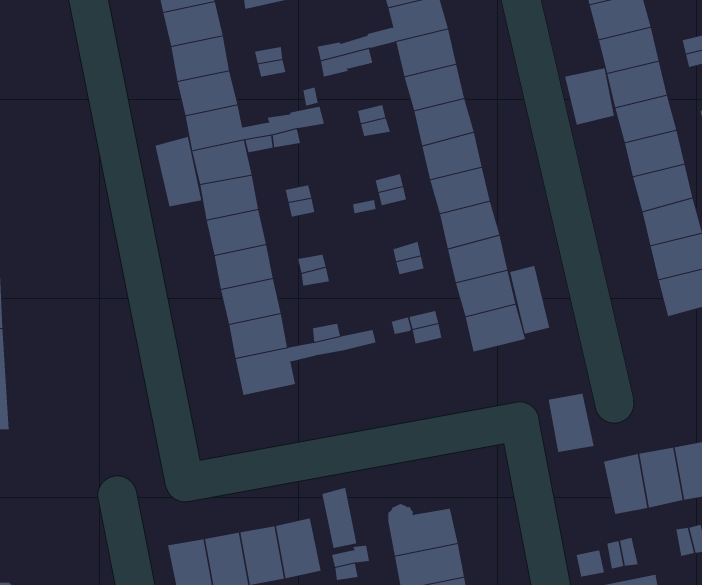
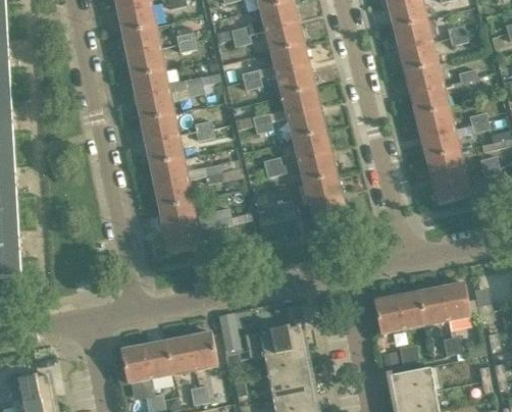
building: [565,67,614,125] -> none
building: [155,136,202,207] -> none
building: [509,265,550,335] -> none
building: [548,393,595,453] -> [373,296,403,333]

